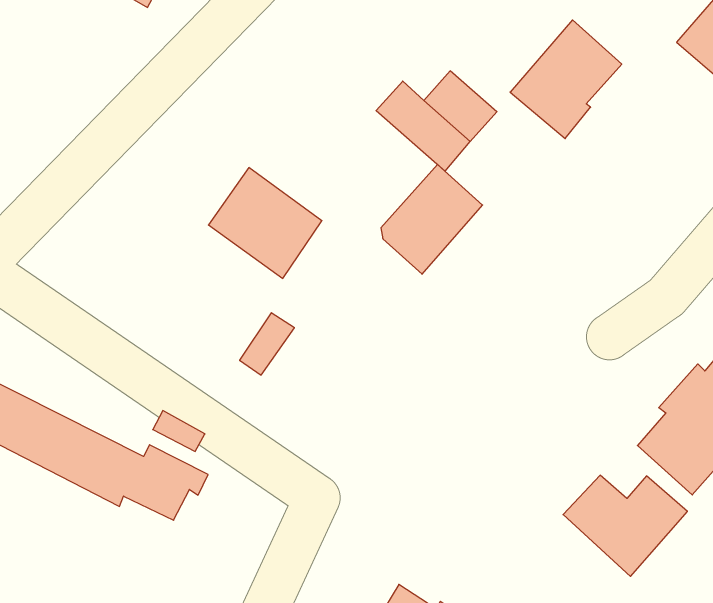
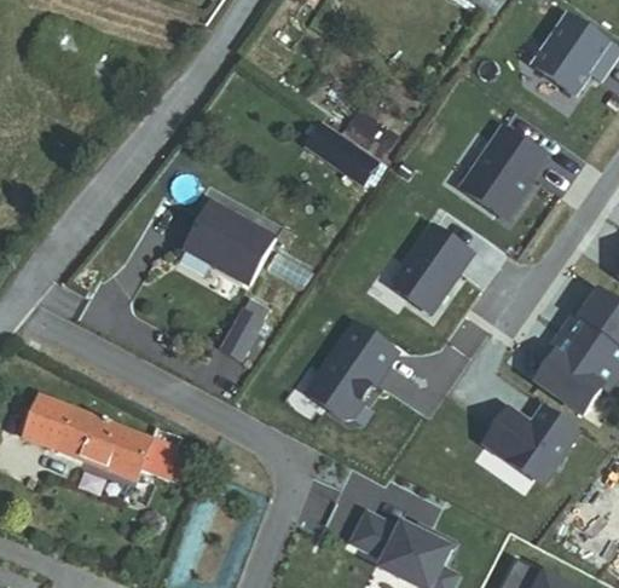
building: [510,20,622,139] -> [461,127,545,220]
building: [381,164,483,274] -> [394,226,472,313]
building: none -> [308,323,398,417]

